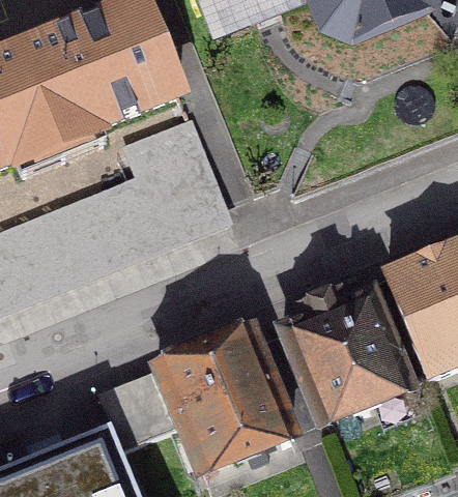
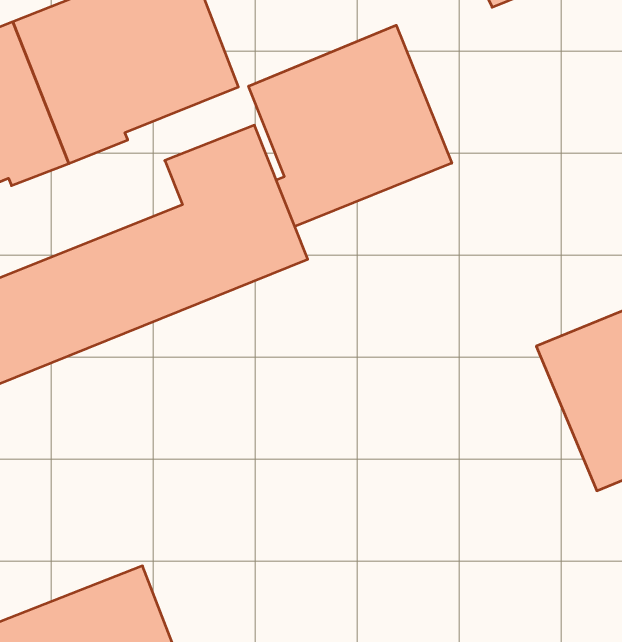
building: none -> [249,25,452,227]
building: [282,295,409,422] -> none
building: [156,333,291,472] -> none

